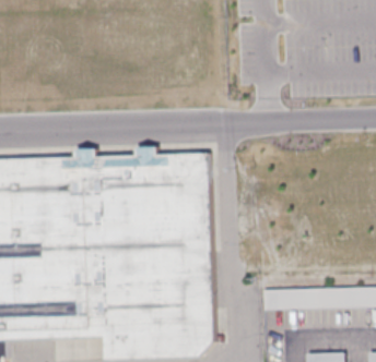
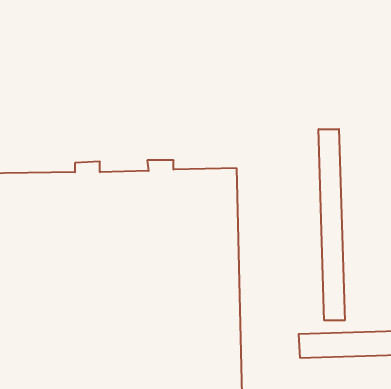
building: none -> [319,129,345,320]

